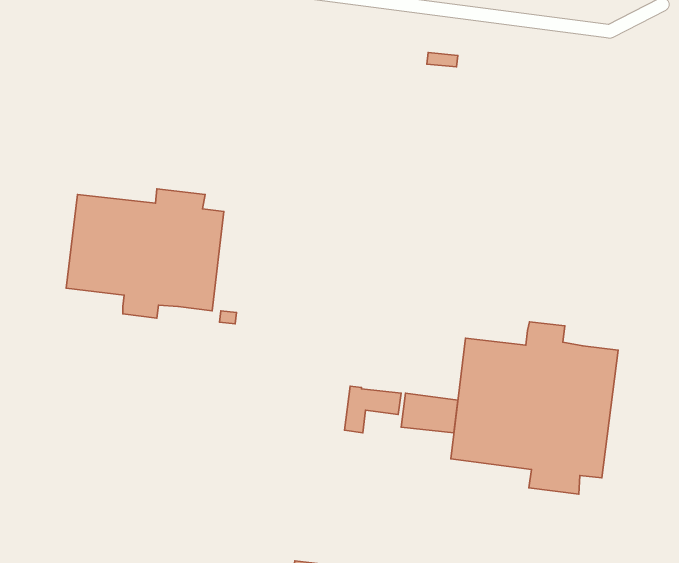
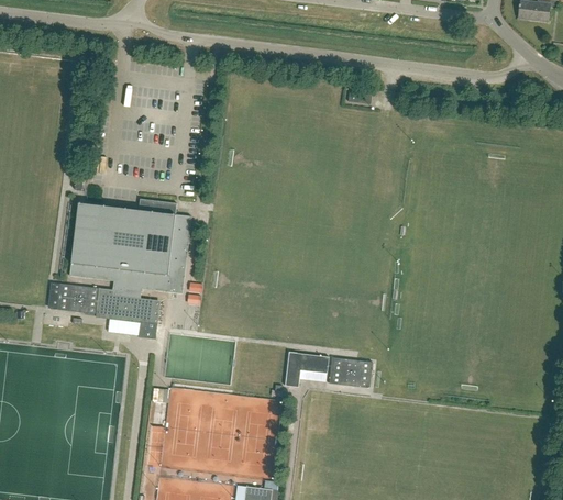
building: none -> [47,281,158,338]
building: [451,322,618,494] -> none

